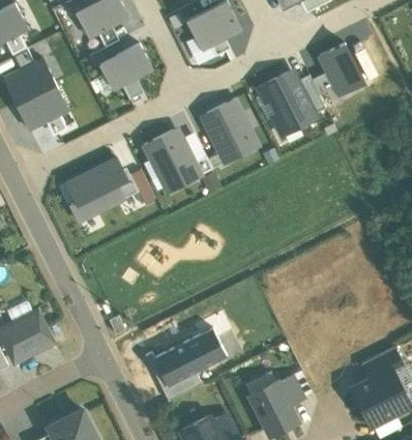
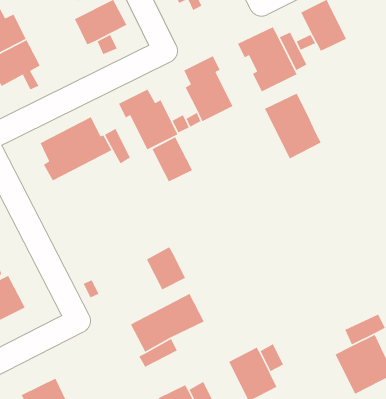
building: none -> [264,92,322,160]
building: none -> [152,136,193,183]
building: none -> [146,246,186,290]

